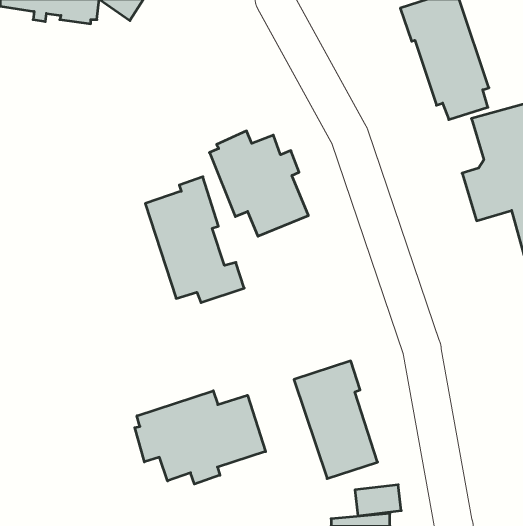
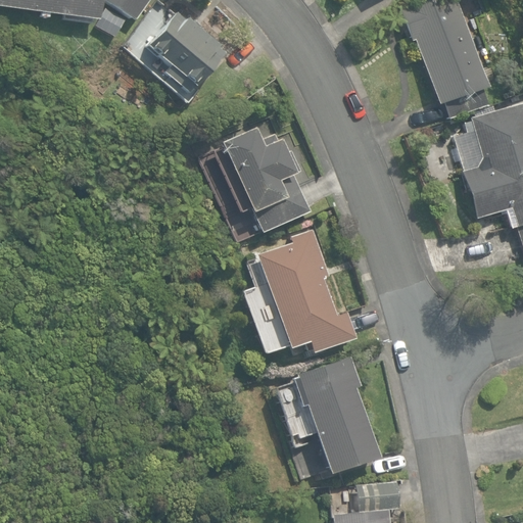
building: none -> [148,12,225,94]
building: [145,177,244,303] -> [256,229,354,353]
building: [135,391,266,484] -> none

